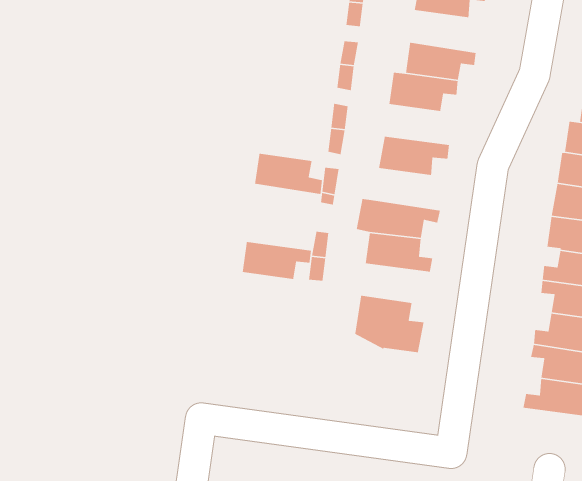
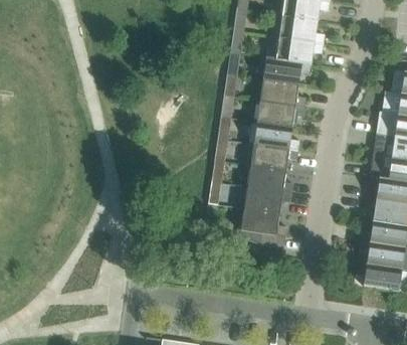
building: none -> [277,16,325,44]
building: none -> [260,79,306,107]
building: [254,153,323,195] -> [253,123,299,151]
building: [242,241,312,280] -> [244,187,291,213]

